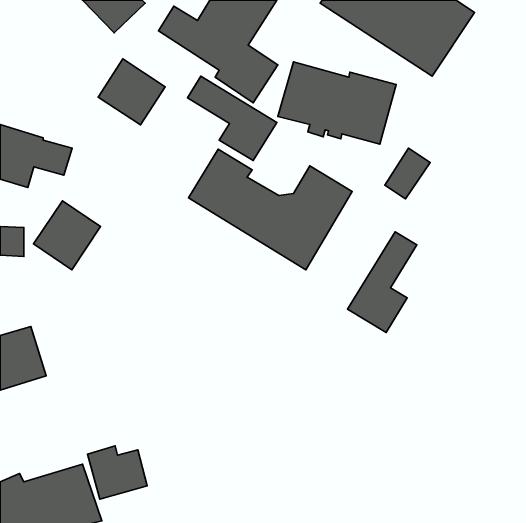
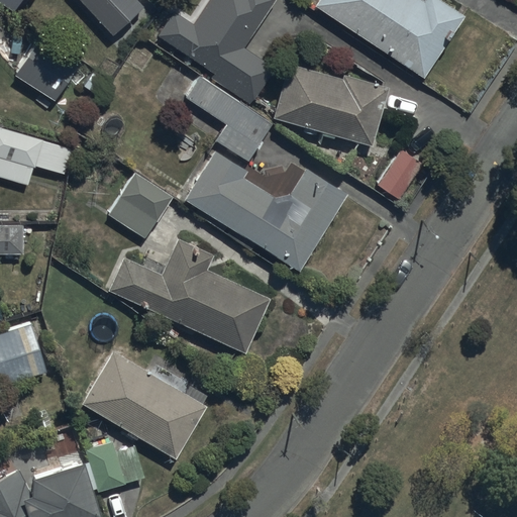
building: [98,59,165,125] -> [14,36,80,101]
building: [34,201,101,270] -> [106,172,172,239]
building: [348,232,417,332] -> none
building: none -> [107,238,271,352]
building: none -> [79,348,206,461]

